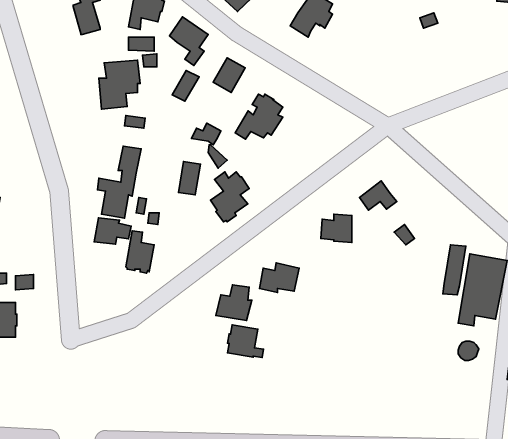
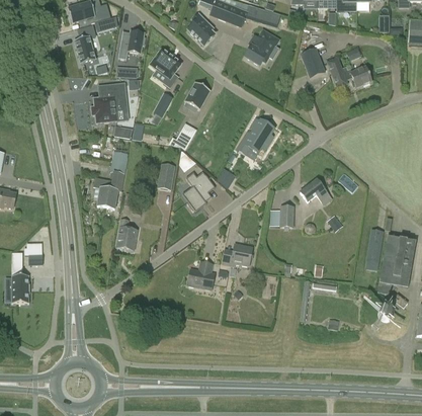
building: none -> [300,48,325,77]
building: none -> [326,56,370,87]
building: [235,94,283,139] -> [236,117,273,153]
building: [94,218,131,244] -> none
building: [227,325,264,358] -> none

